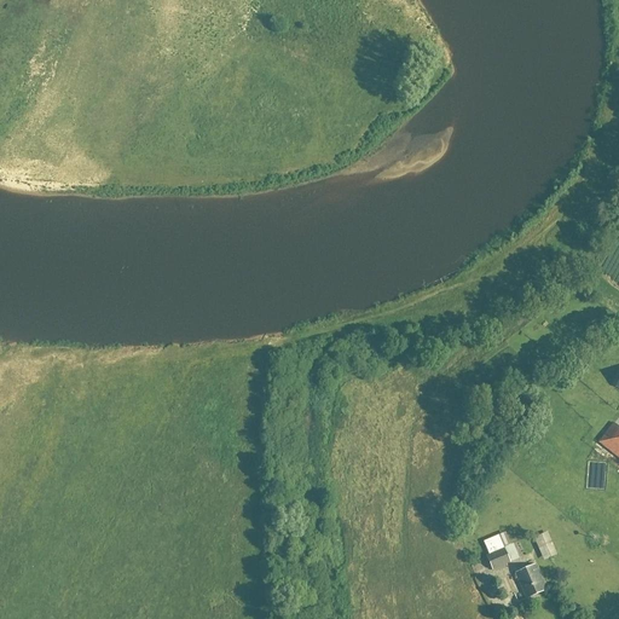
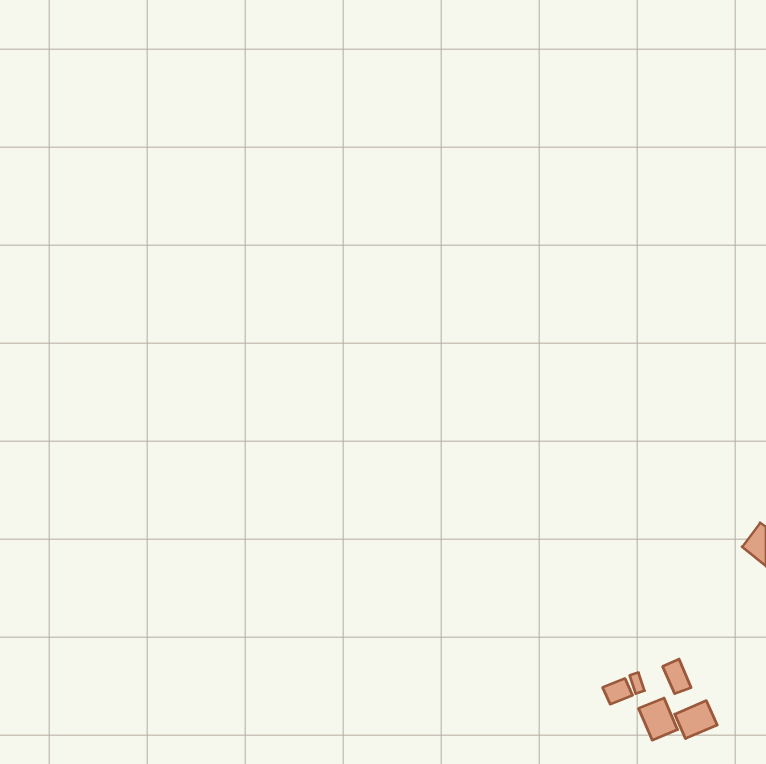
building: none -> [675,701,717,739]

